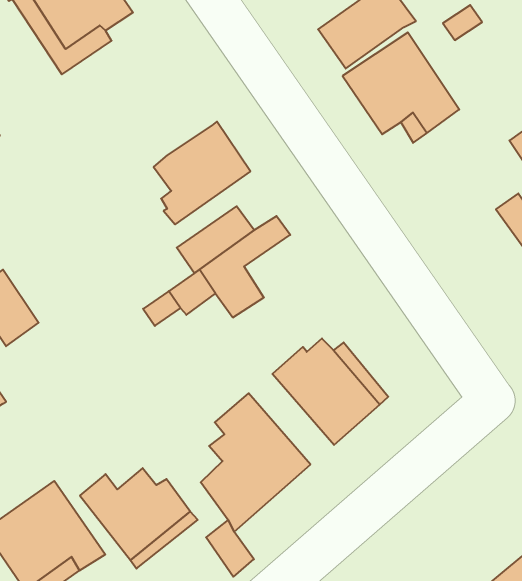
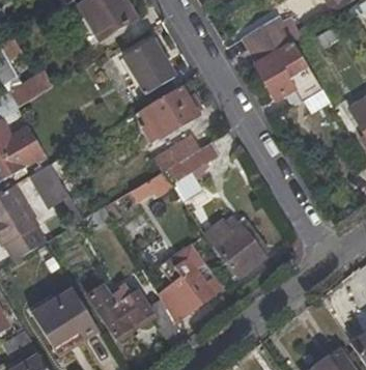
building: none -> [122,38,177,103]

